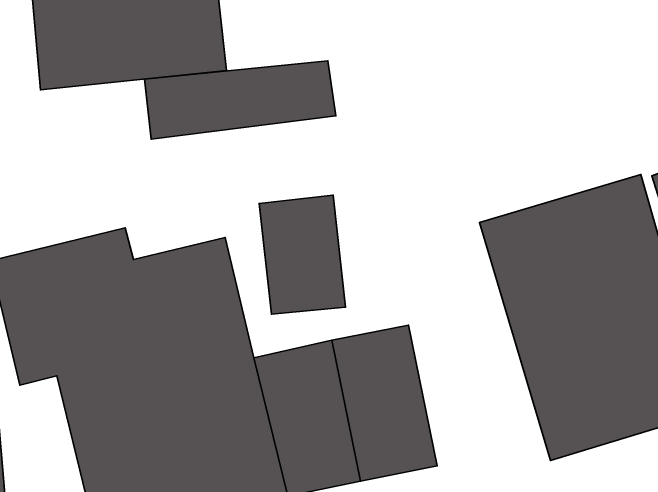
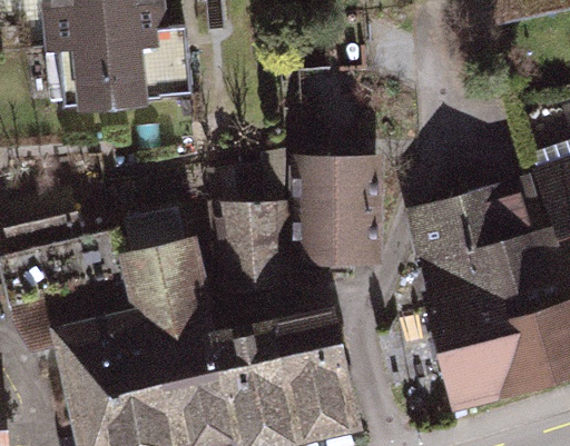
building: [144,61,336,139] -> none
building: none -> [294,156,385,269]

